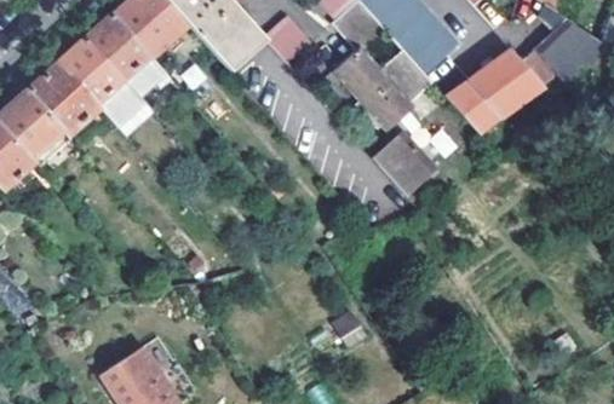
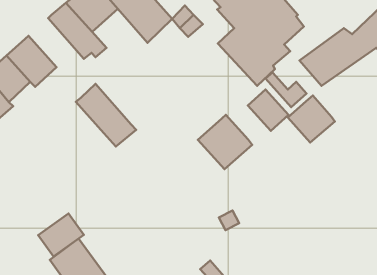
building: [62,34,148,123] -> [76,84,136,147]
building: none -> [288,95,335,143]
building: none -> [198,115,252,169]
building: none -> [38,213,84,257]

